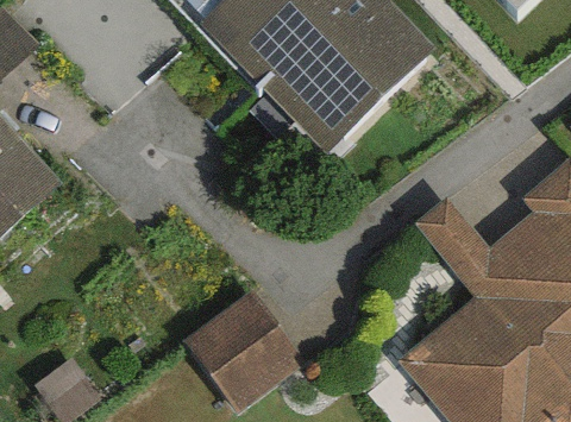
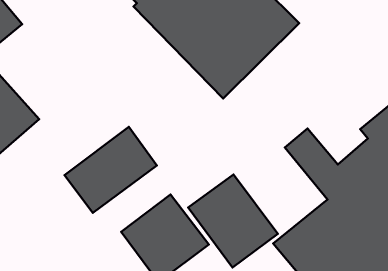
building: none -> [64,127,157,213]
building: none -> [188,175,278,268]

